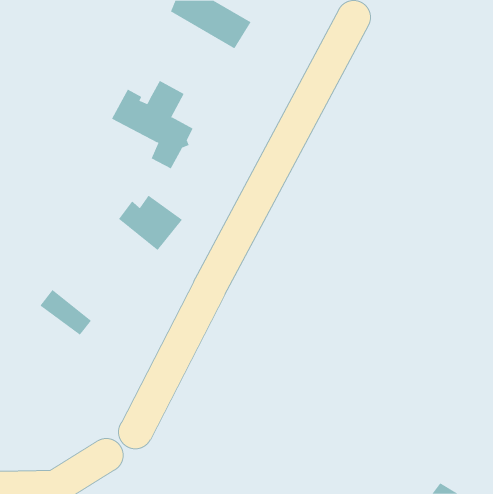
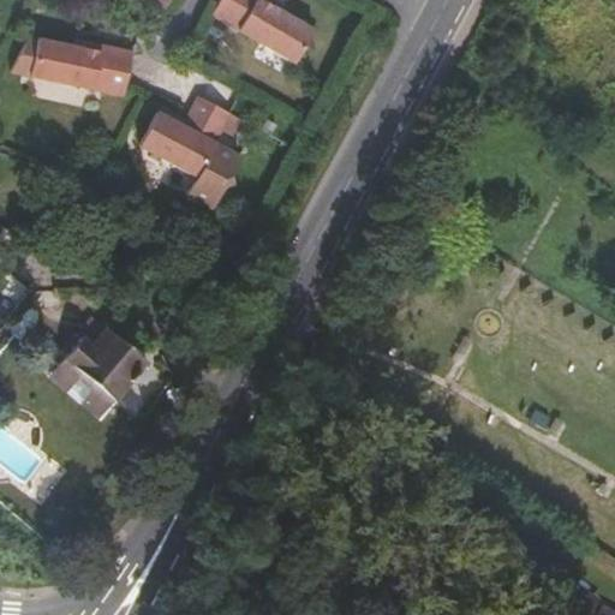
building: none -> [37,34,132,94]
building: [118,195,183,251] -> [66,329,147,399]

